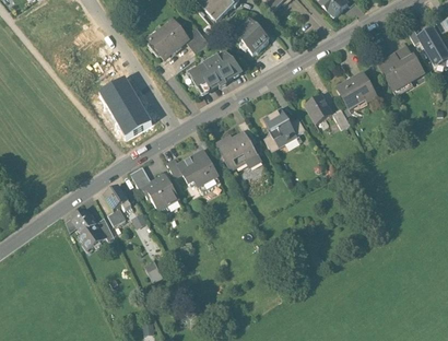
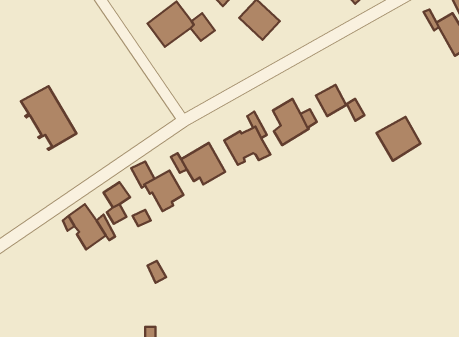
building: [377,45,424,91] -> none
building: [189,51,241,92] -> none
building: [335,71,377,113] -> [377,117,421,161]
building: [99,79,152,139] -> [21,86,76,150]

